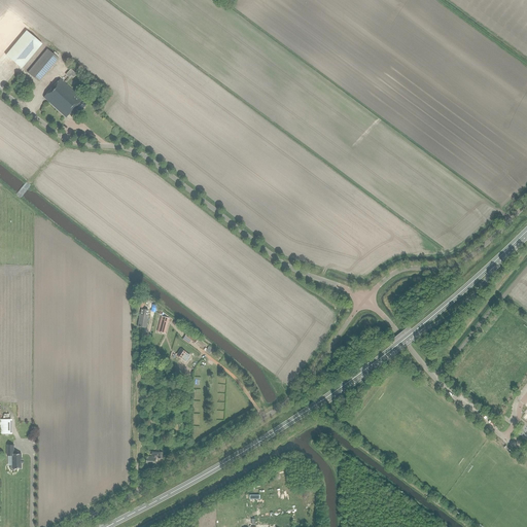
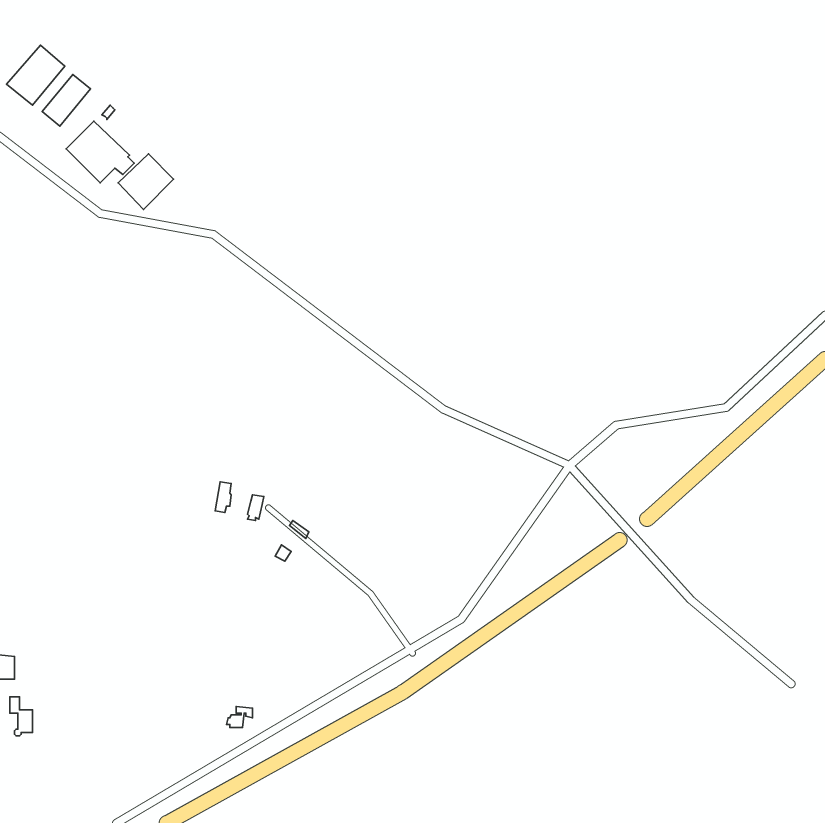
building: none -> [118,154,174,210]

